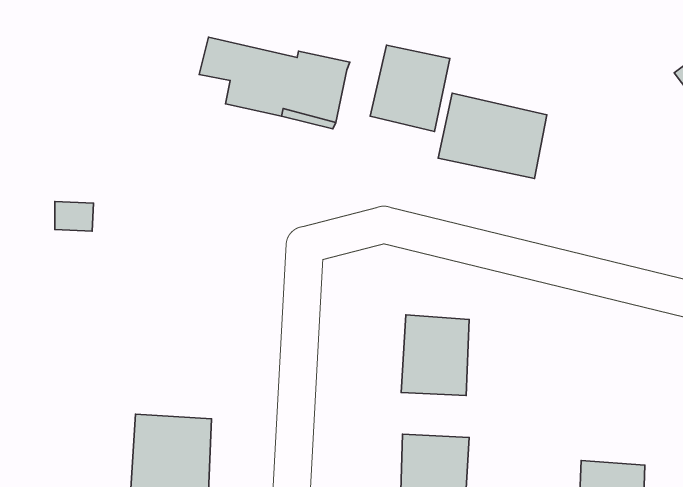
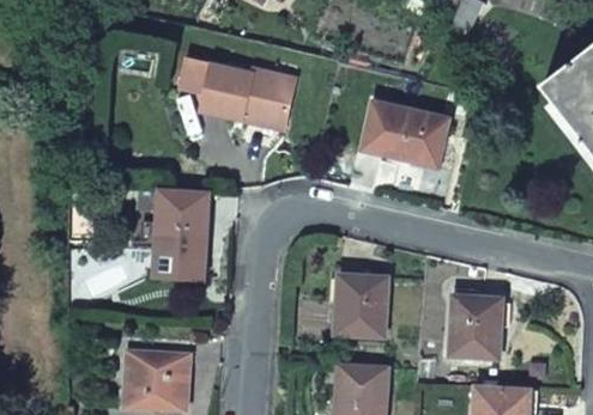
building: [370,45,450,131] -> none
building: none -> [152,188,207,279]
building: none -> [446,292,498,355]

